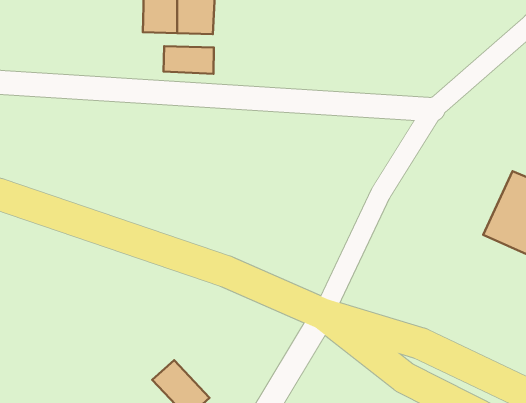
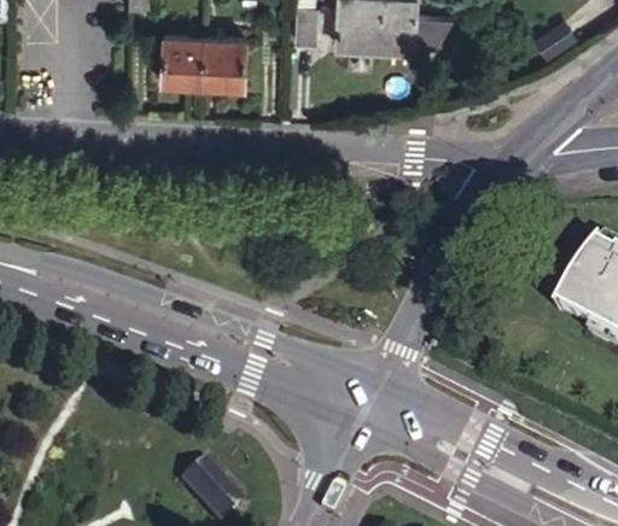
building: [164,46,214,74] -> none

